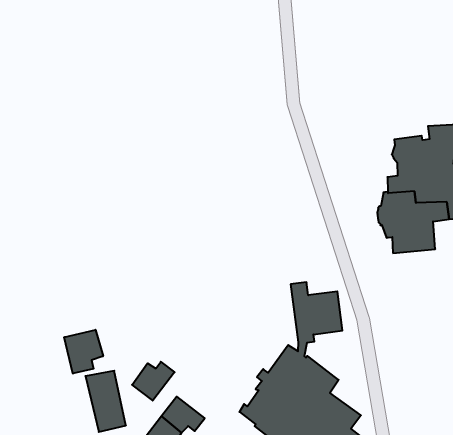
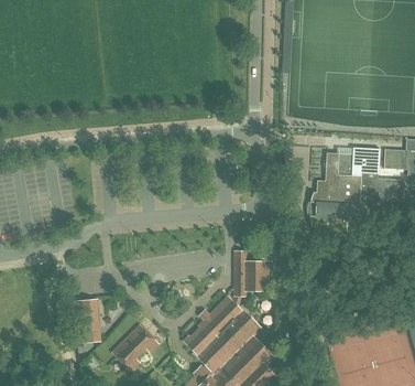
building: [64,330,103,374] -> none
building: [132,362,175,401] -> none

